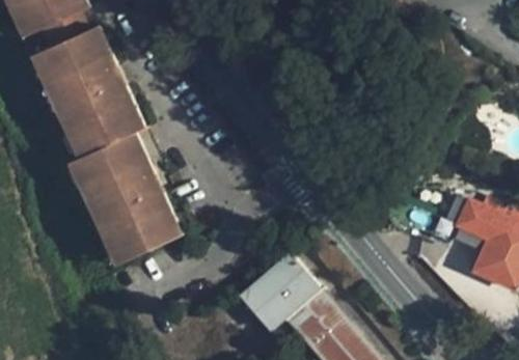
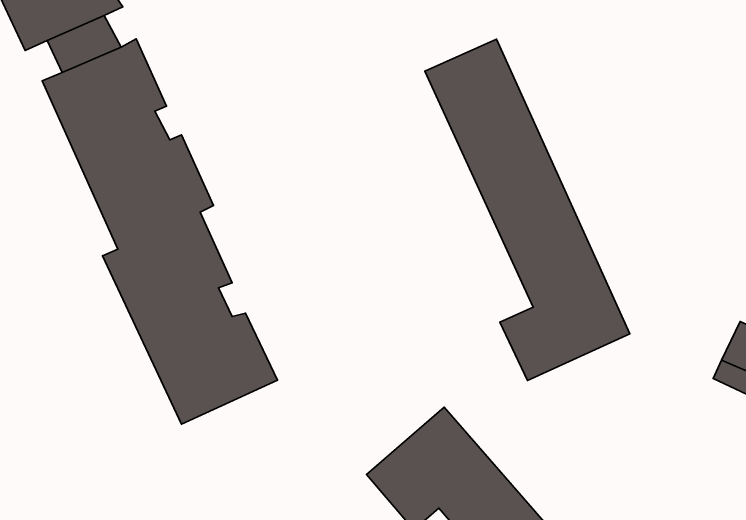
building: none -> [425,39,630,380]

